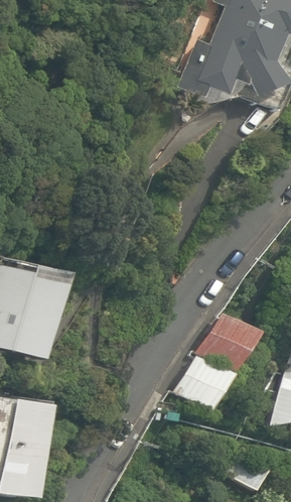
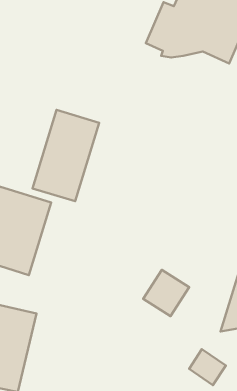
building: none -> [32,110,99,201]
building: [200,311,257,370] -> none

